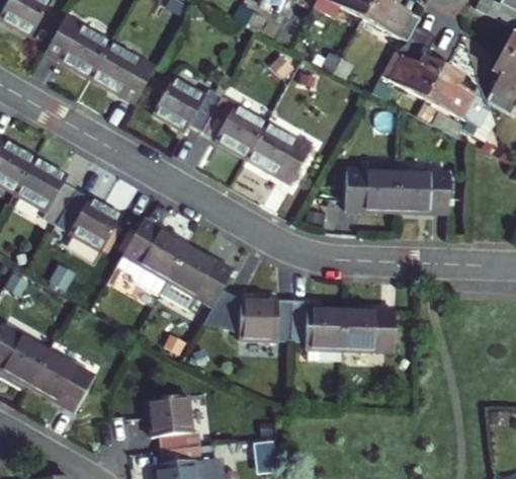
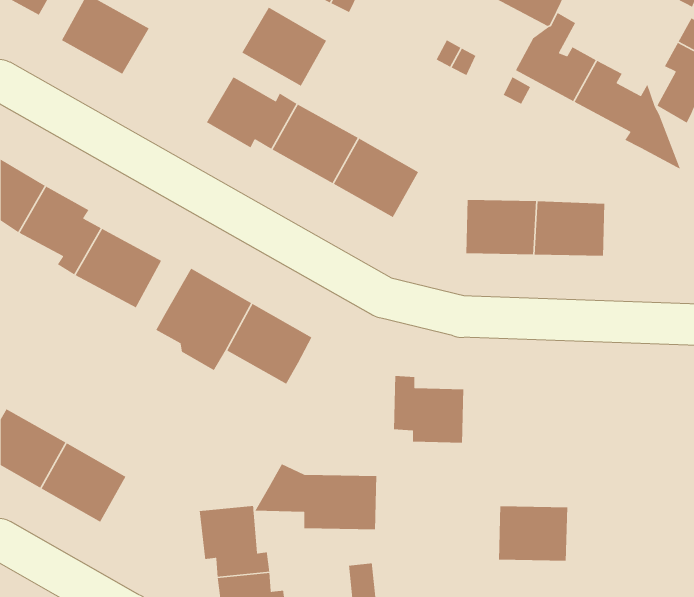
building: [91,42,155,101] -> [241,6,327,87]
building: [201,290,292,339] -> [254,463,377,530]
building: [343,309,395,350] -> [498,506,568,562]

